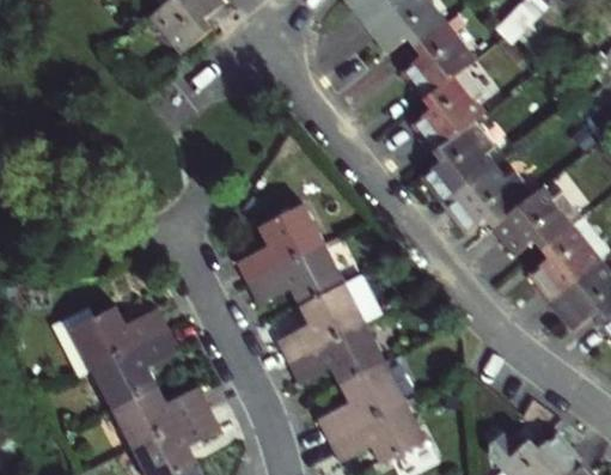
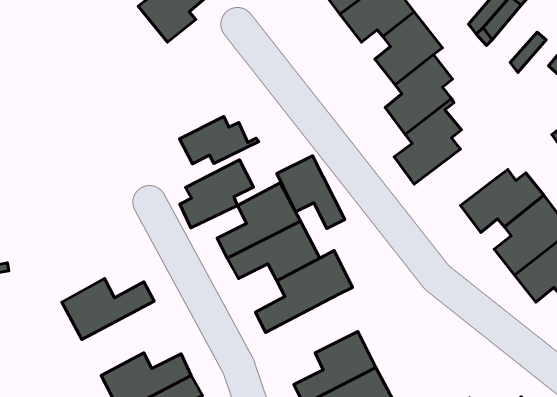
building: none -> [180,116,259,164]
building: [445,168,533,233] -> none
building: none -> [277,156,345,229]
building: none -> [180,160,254,228]
building: [287,322,385,384] -> none
building: [92,329,179,408] -> none

